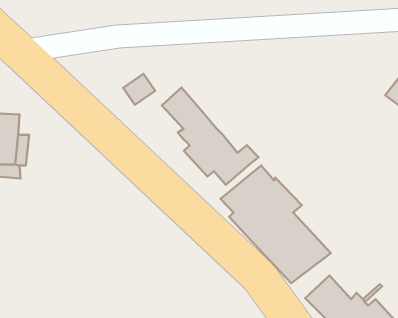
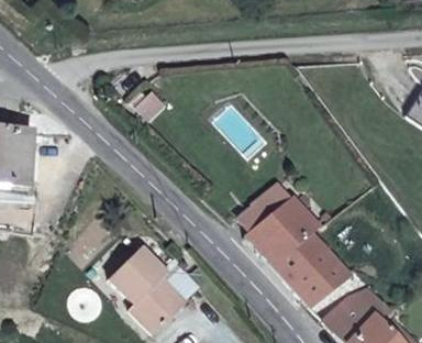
building: [162,88,259,185] -> none
building: none -> [110,246,186,332]

